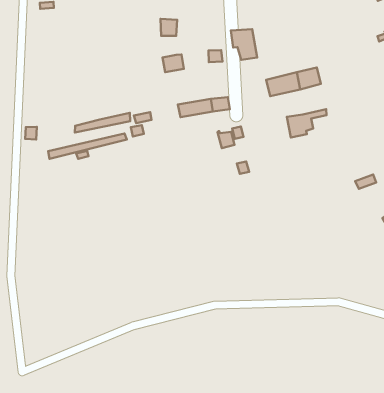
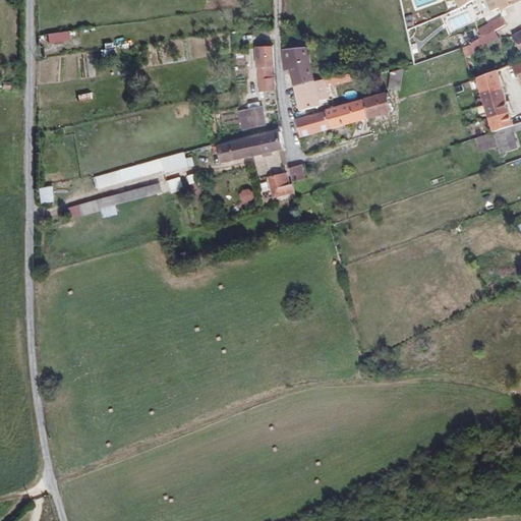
building: [160,19,177,36] -> [253,46,274,66]
building: [163,54,184,72] -> [234,108,260,130]
building: none -> [296,109,333,138]
building: [287,109,327,137] -> [295,74,343,111]

